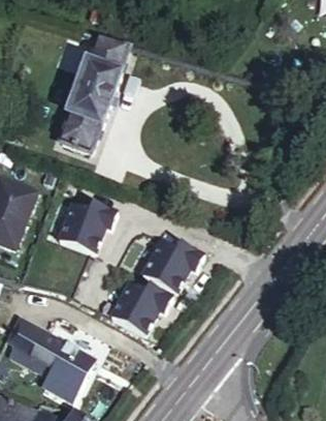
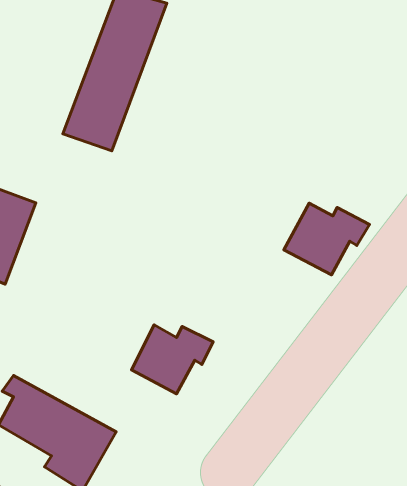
building: [57,203,116,252] -> none
building: [140,240,203,293] -> [284,203,369,275]

